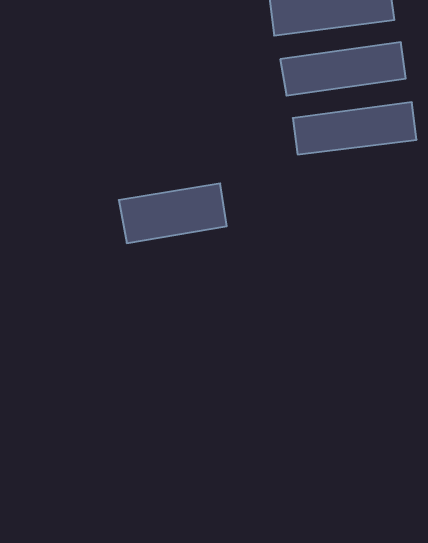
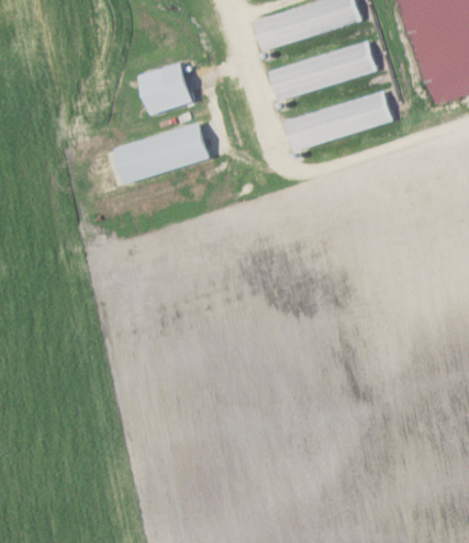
building: none -> [136,61,192,114]
building: [119,183,227,243] -> [113,123,209,183]

